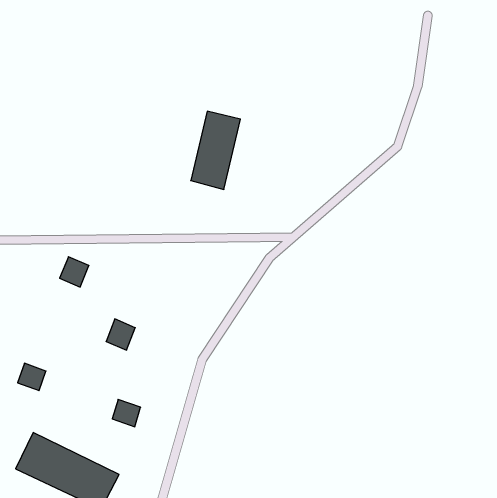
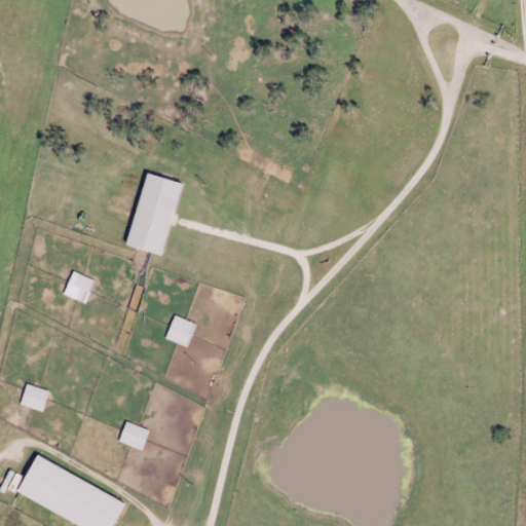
building: [191,111,240,189] -> [127,173,180,255]
building: [106,319,135,350] -> [164,314,195,347]

